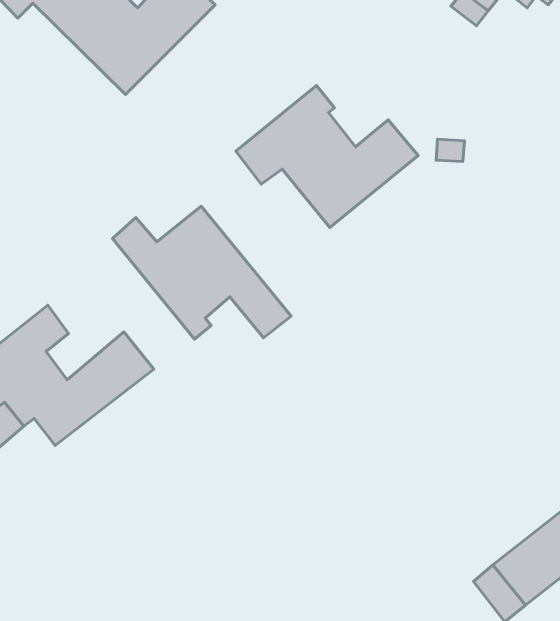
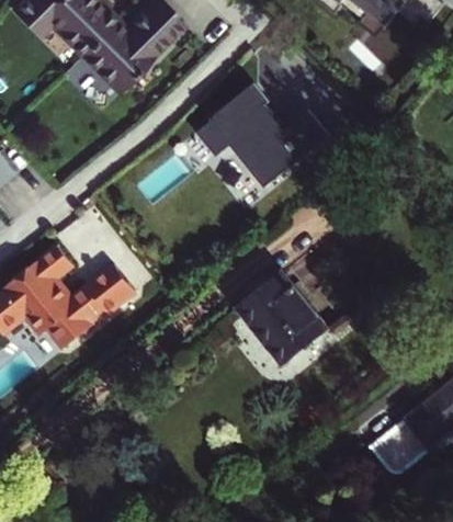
building: [112,206,291,339] -> none
building: none -> [239,272,331,366]

